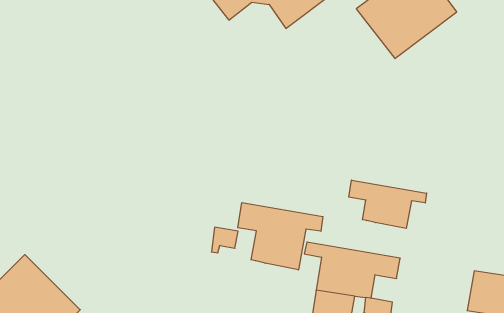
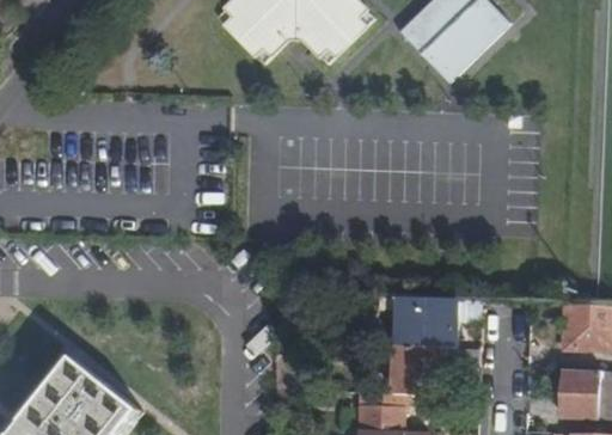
building: [349,180,427,228] -> none
building: [238,203,323,270] -> none

